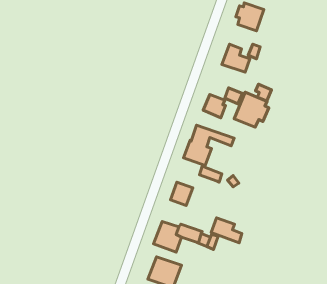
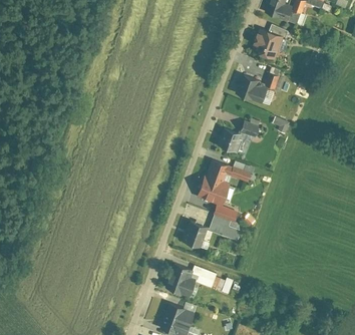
building: [234,92,269,127] -> none
building: [211,218,242,243] -> [210,215,243,242]

